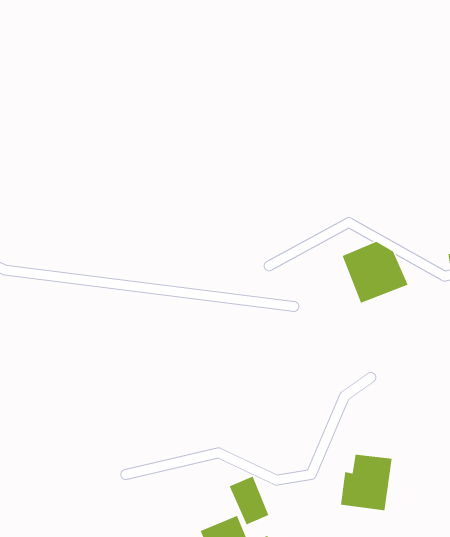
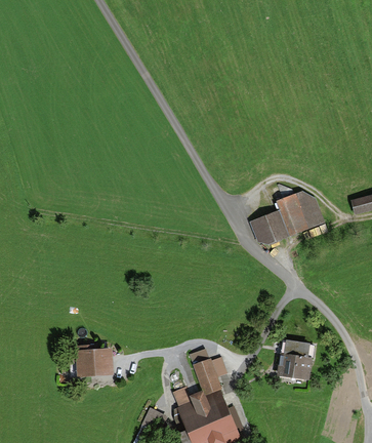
building: none -> [248,209,287,243]
building: none -> [80,349,112,372]

